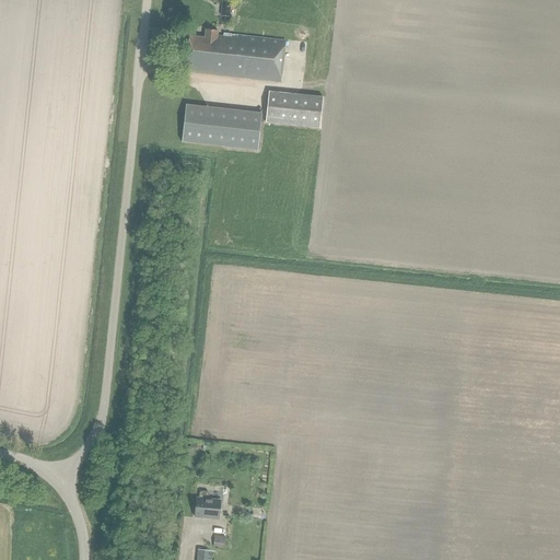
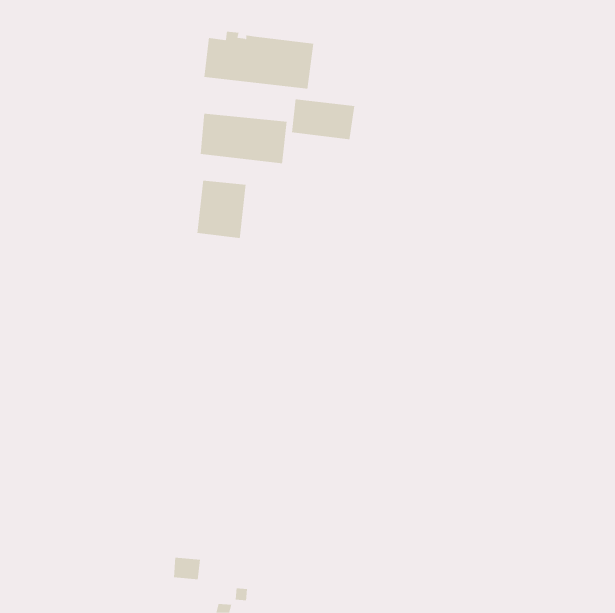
building: none -> [197,180,246,239]
building: [196,497,221,517] -> [173,557,201,580]

